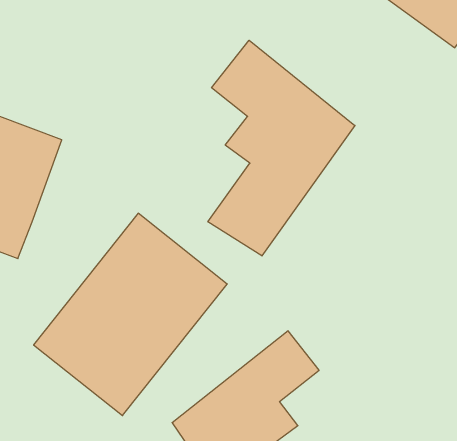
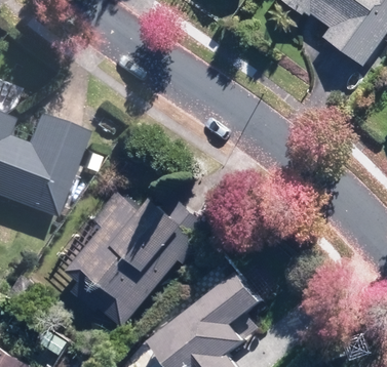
building: [208,40,355,256] -> none

